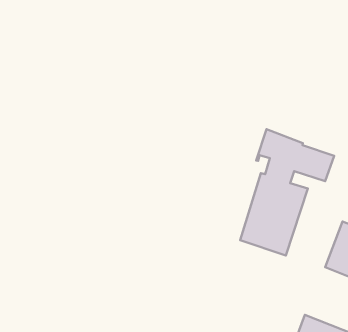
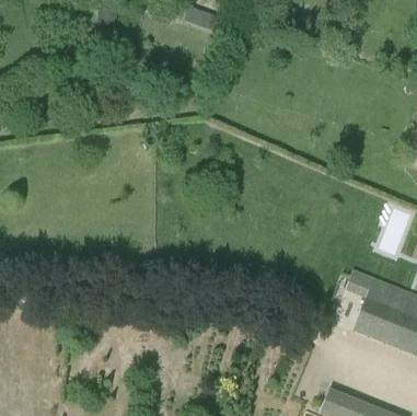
building: [240,129,334,256] -> none

